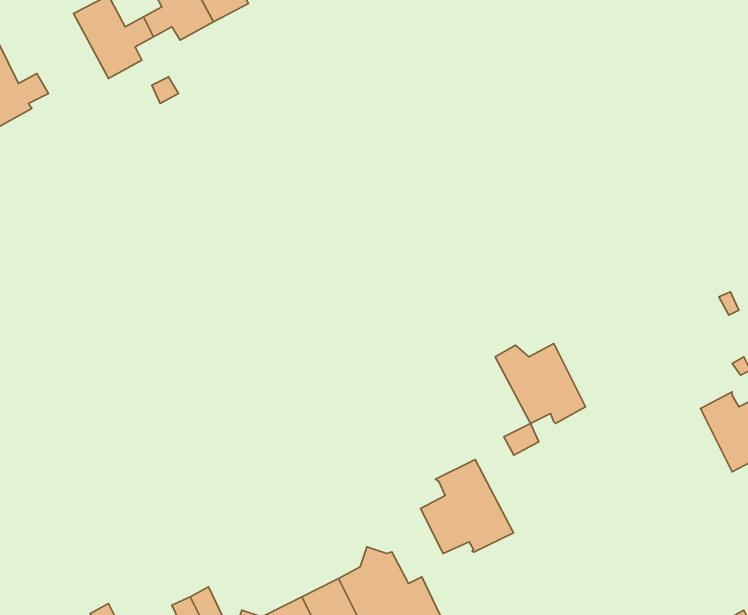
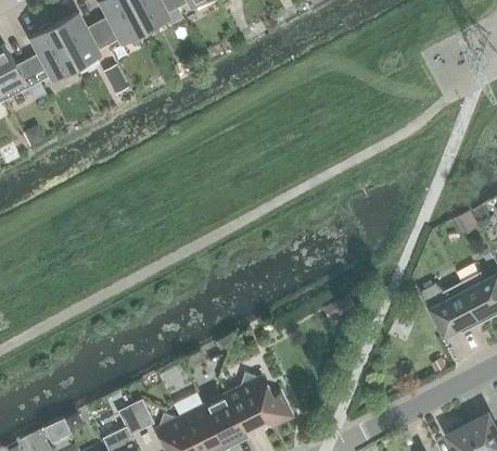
building: none -> [29,23,76,79]
building: [495,343,585,423] -> [423,283,482,335]
building: [421,460,513,554] -> none

